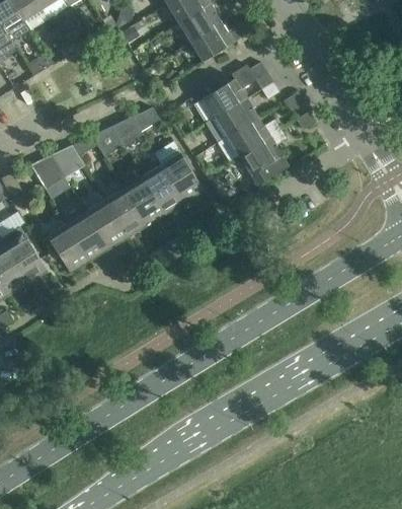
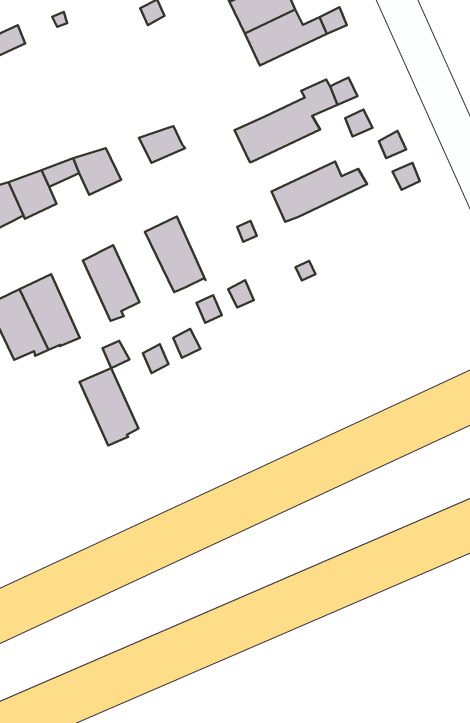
building: [205,97,258,143] -> none
building: [239,129,289,185] -> none
building: [154,141,204,203] -> none
building: [123,176,165,222] -> none
building: [85,200,127,249] -> [79,368,139,445]

